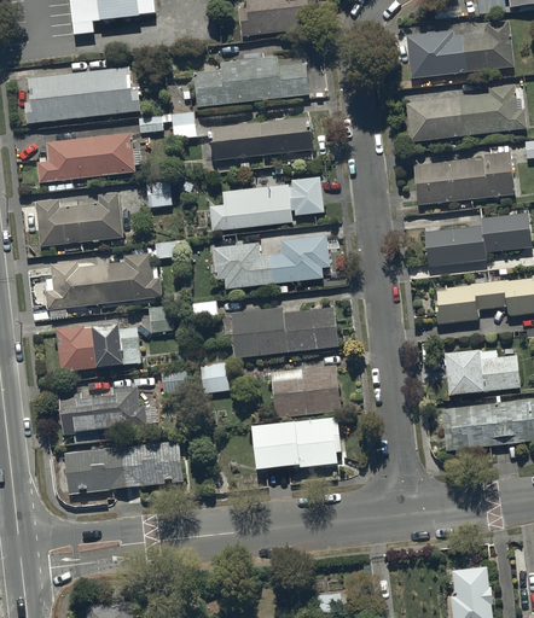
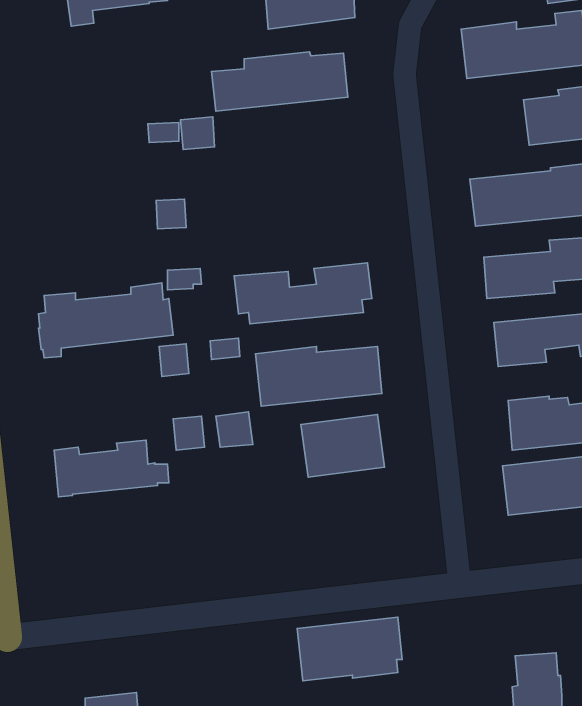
building: [24,66,140,123] -> none
building: [406,97,464,141] -> none
building: [204,116,313,159] -> none
building: [36,133,134,182] -> none
building: [209,174,324,231] -> none
building: [35,192,123,246] -> none
building: [56,322,141,372] -> none
building: [251,415,341,470] -> [297,617,402,681]
building: [64,438,184,494] -> none

